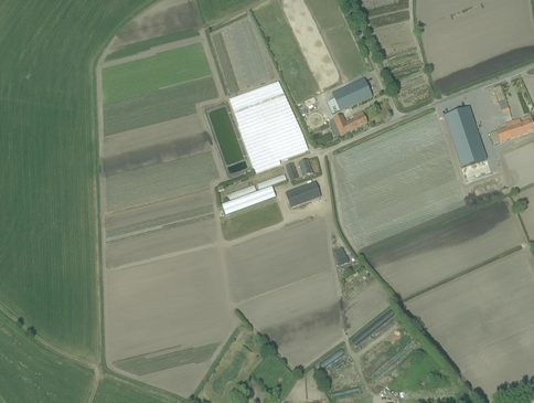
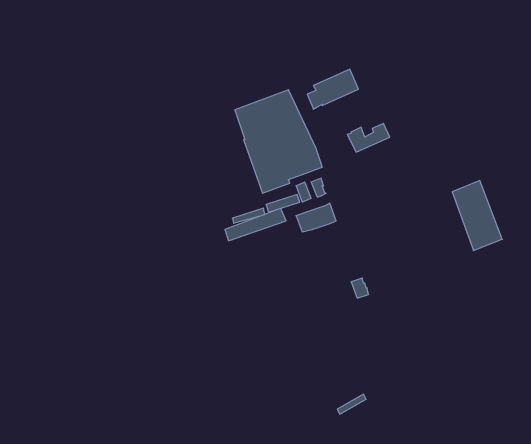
building: [328,78,373,114] -> [307,69,358,109]
building: [441,106,485,168] -> [452,181,502,251]

